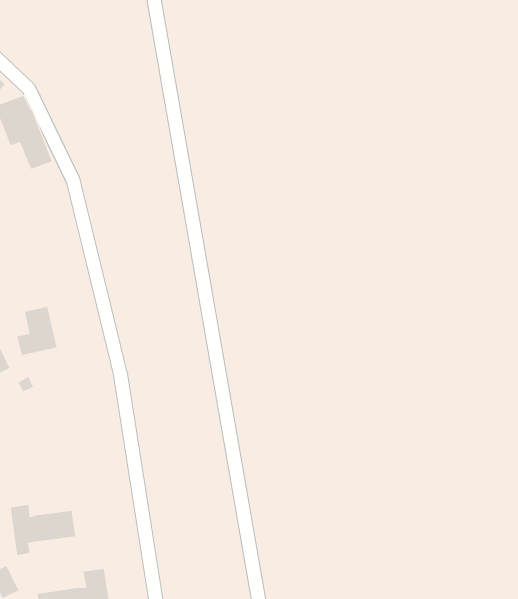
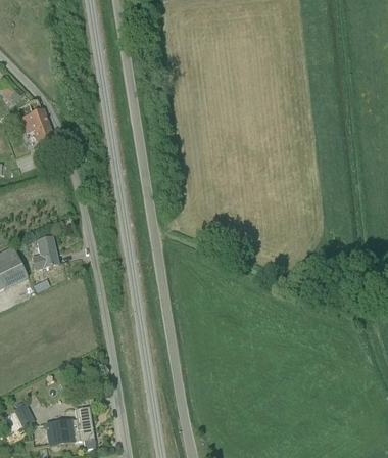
building: [10,504,76,556] -> none

